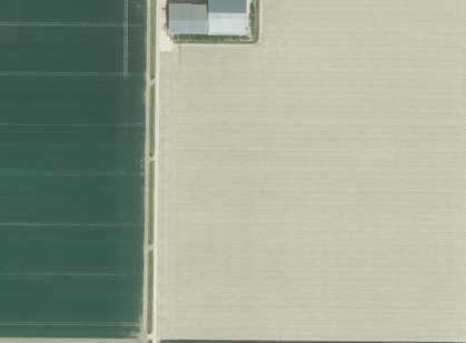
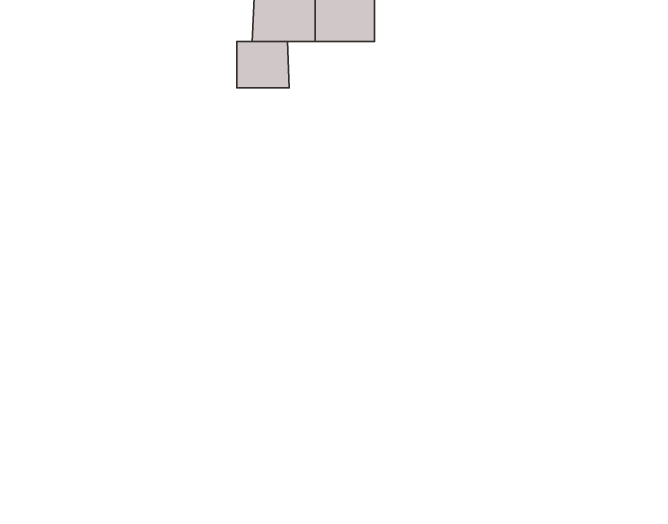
building: none -> [237,42,289,88]

